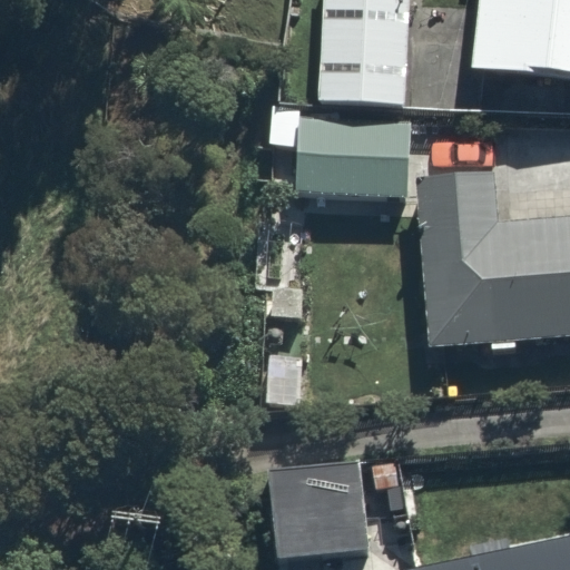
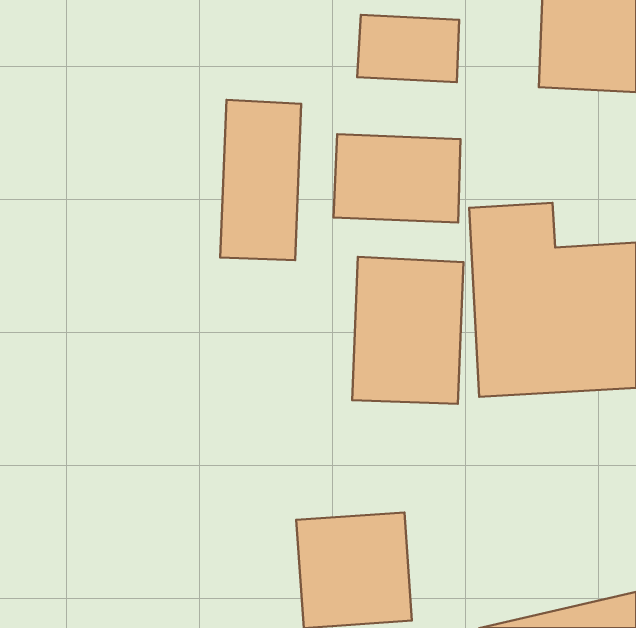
building: none -> [220,100,301,260]
building: none -> [352,257,464,404]

